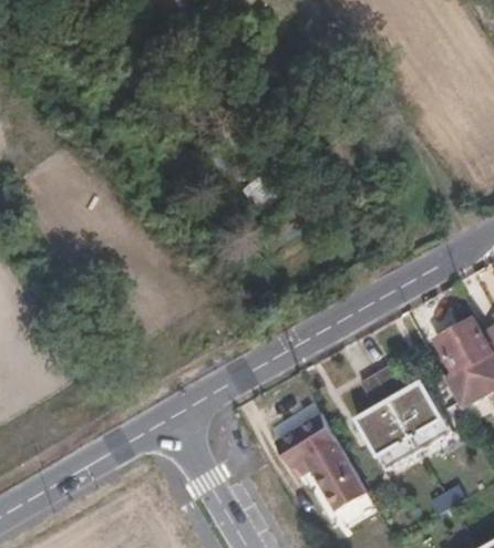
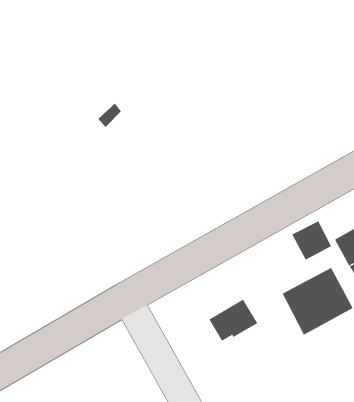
building: none -> [292,221,332,260]
building: [305,446,363,511] -> none

